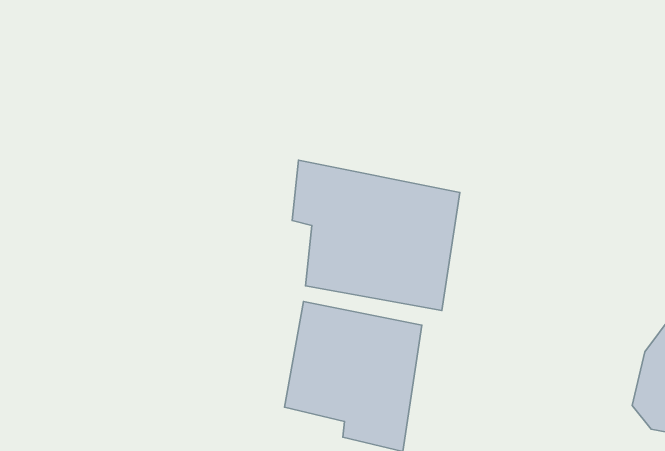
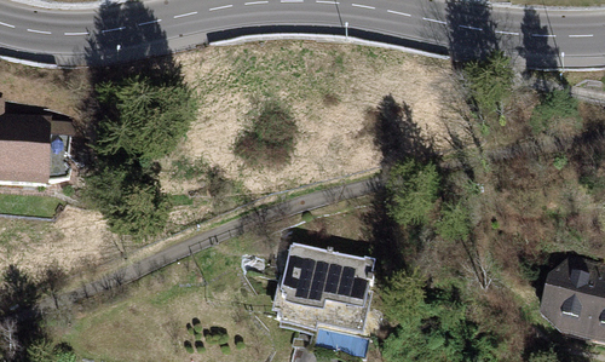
building: [292,160,460,310] -> none

